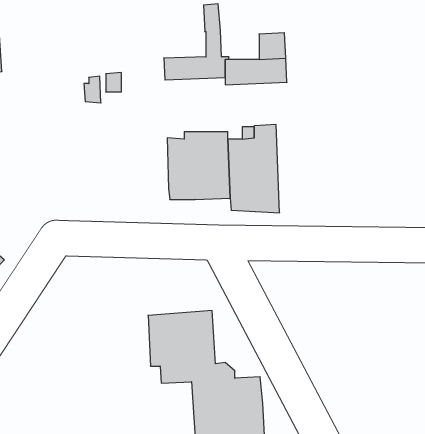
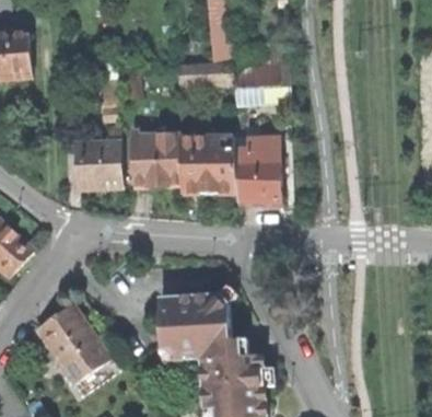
building: none -> [131,129,180,185]
building: none -> [77,142,122,188]
building: none -> [37,304,110,383]

